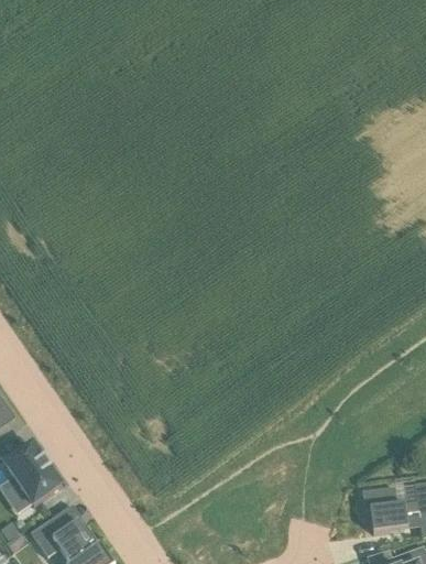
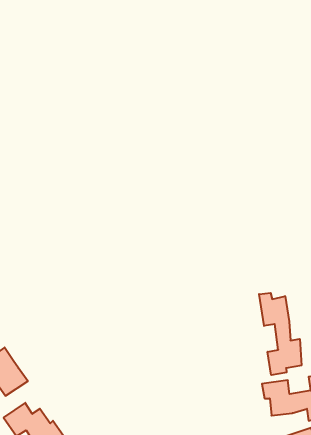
building: none -> [259,293,301,375]

